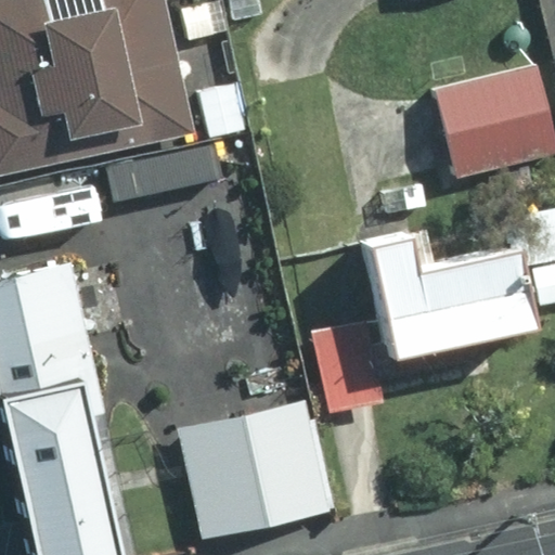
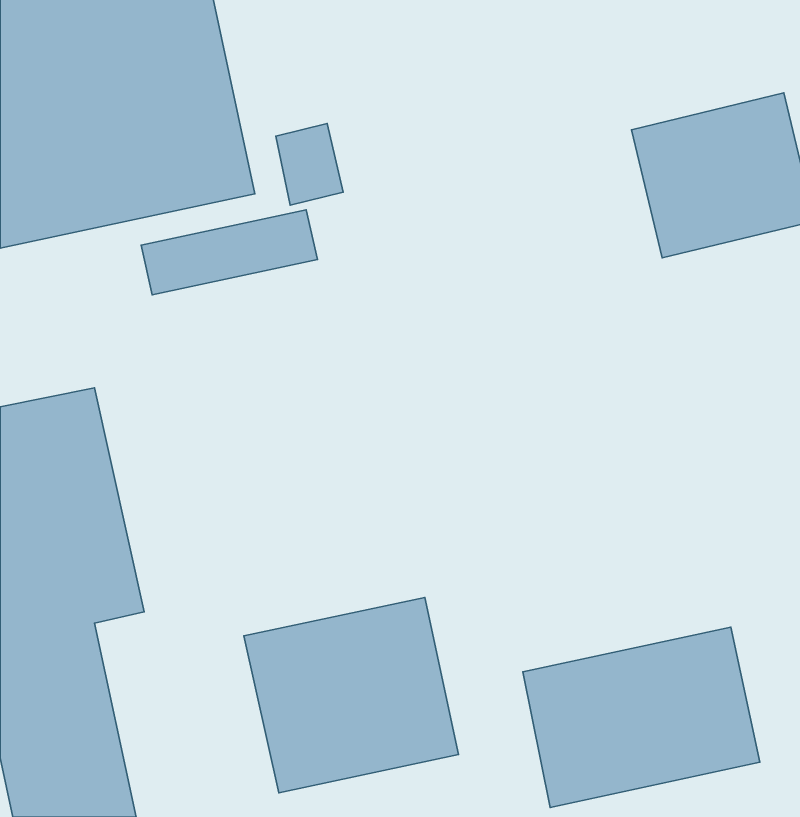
building: [314,237,535,411] -> none
building: none -> [523,627,760,807]

